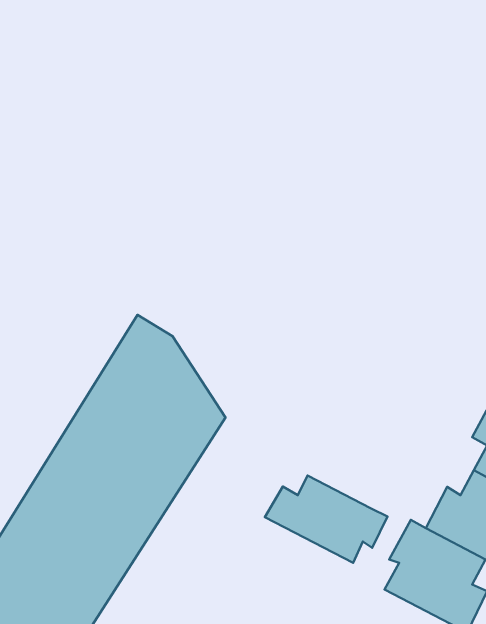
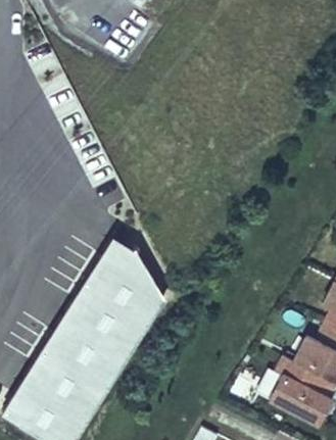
building: [265,476,388,563] -> none

